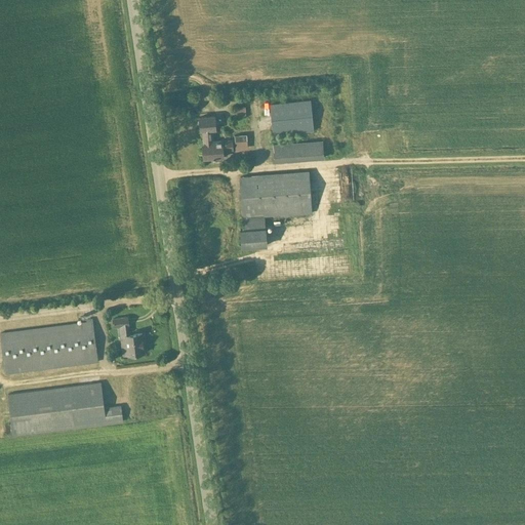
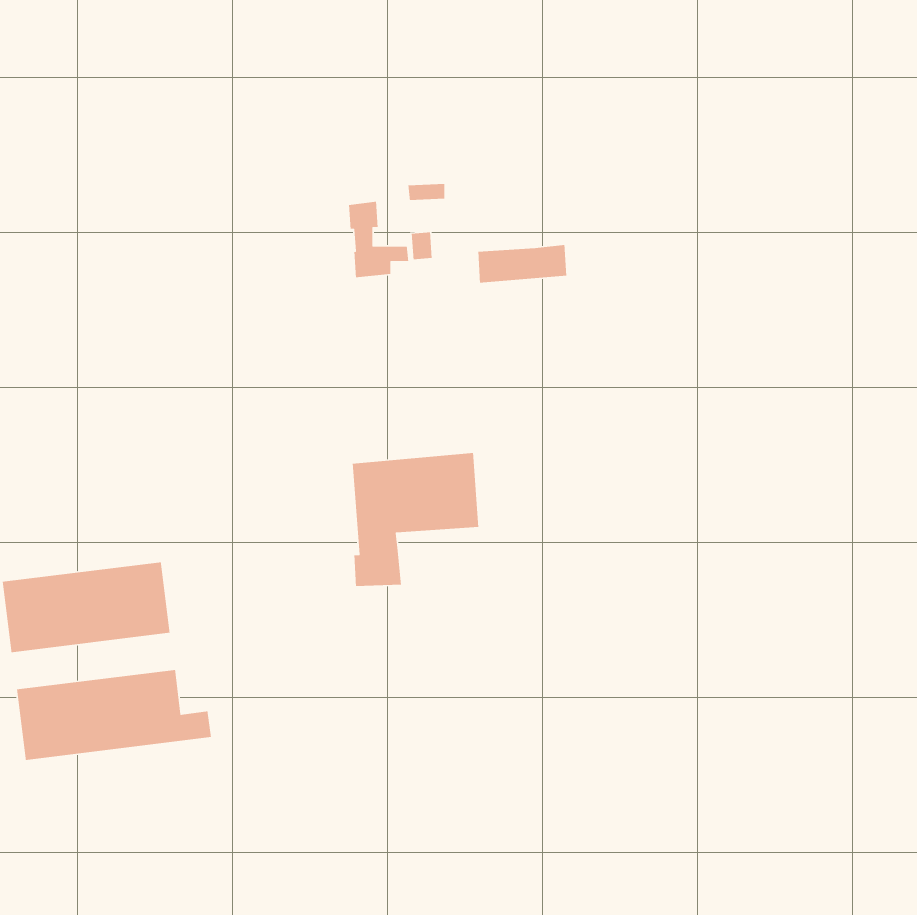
building: [270,99,314,134] -> none
building: [239,170,312,247] -> [352,452,479,587]
building: [113,315,145,355] -> none

